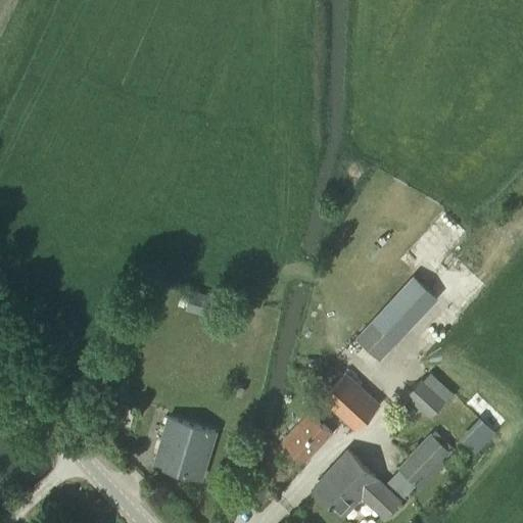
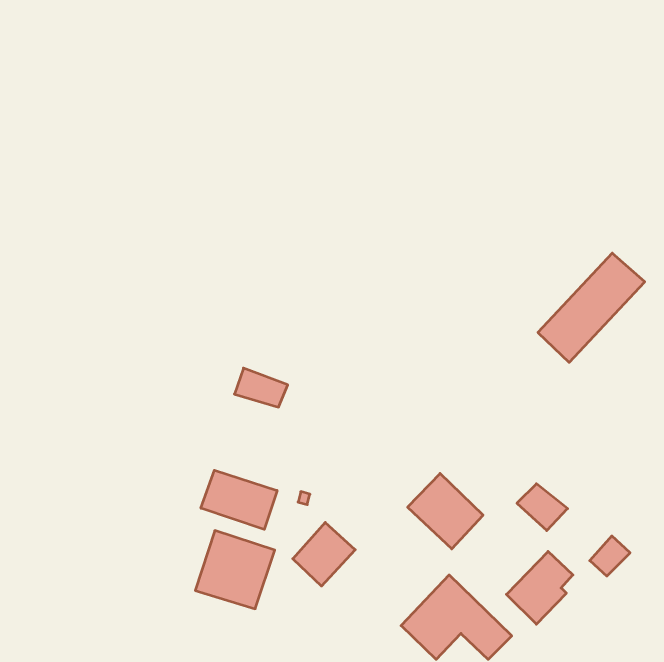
building: [355,277,439,363] -> [538,253,645,362]
building: none -> [201,470,277,529]
building: [283,414,332,464] -> [293,522,355,586]

